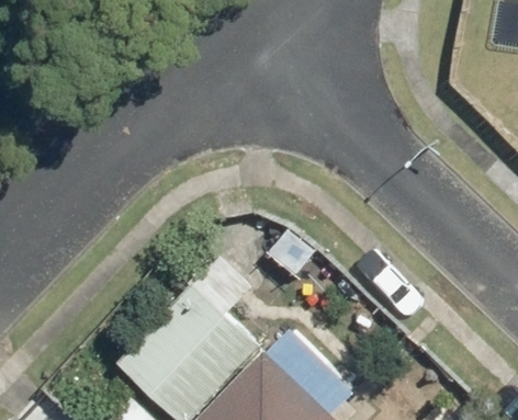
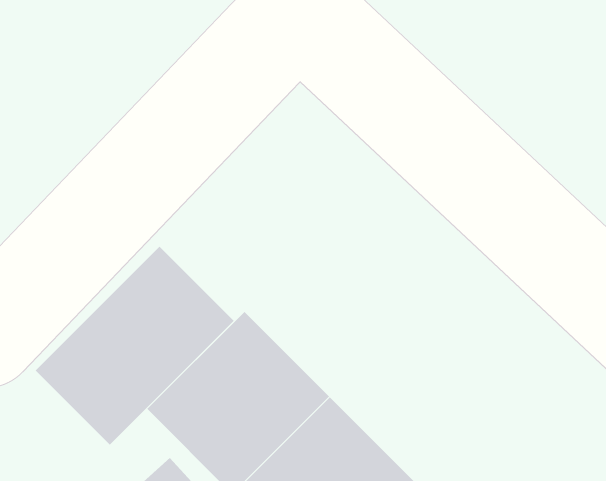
building: none -> [35,246,235,446]

